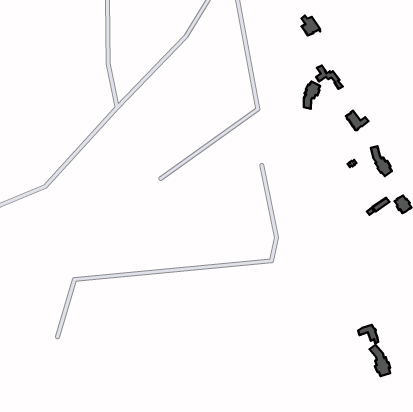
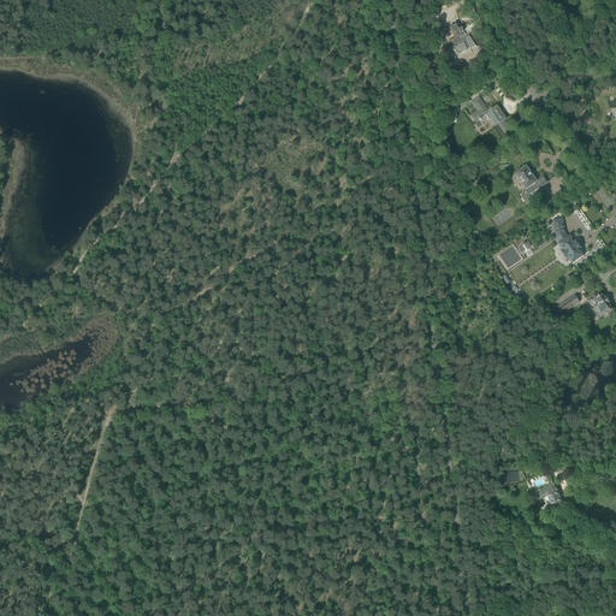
building: [304,82,320,109] -> none
building: [369,345,390,376] -> none

